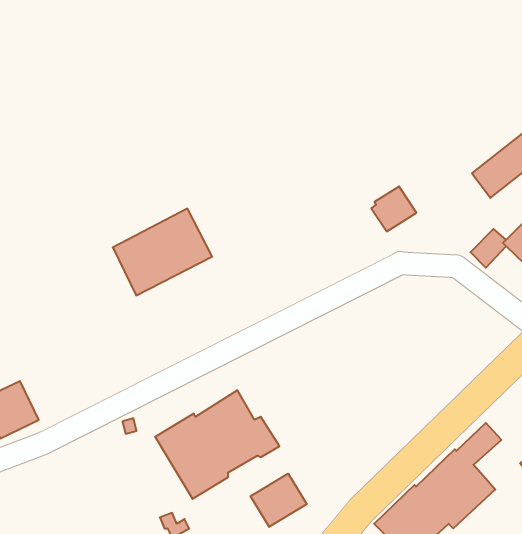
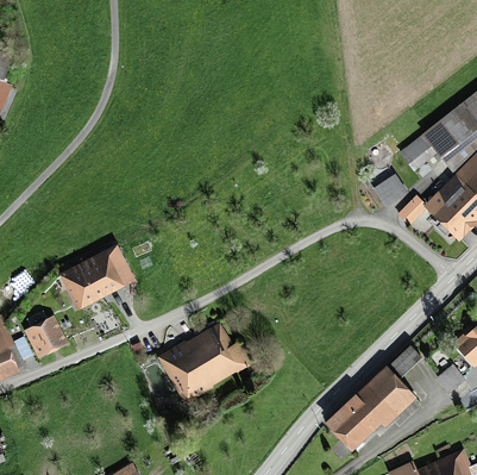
building: [371,186,416,231] -> [372,174,407,208]
building: [113,209,212,295] -> [58,243,134,310]
building: [251,474,307,527] -> none

